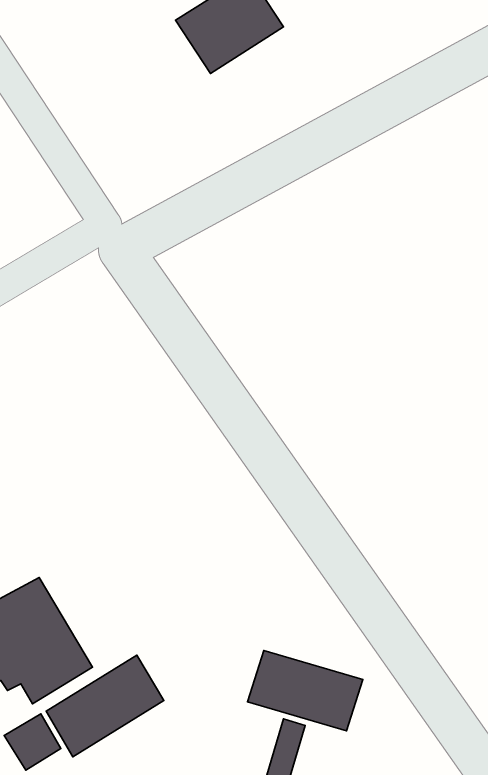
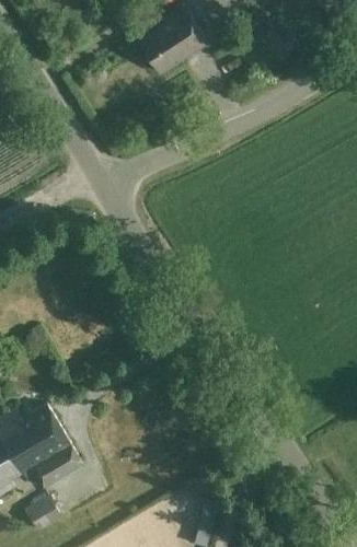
building: [248,650,363,731] -> none
building: [46,655,164,757] -> none

